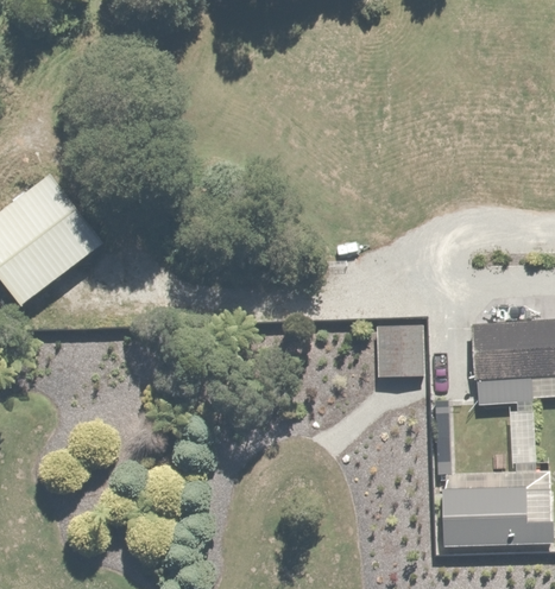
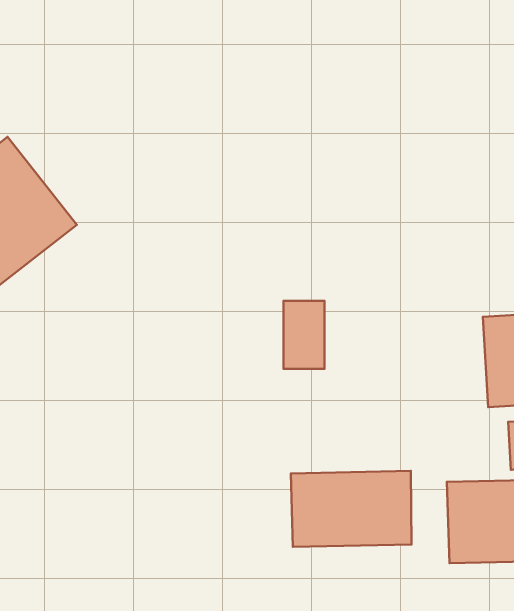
building: [383,324,420,385] -> [283,301,325,369]
building: none -> [291,471,412,547]

